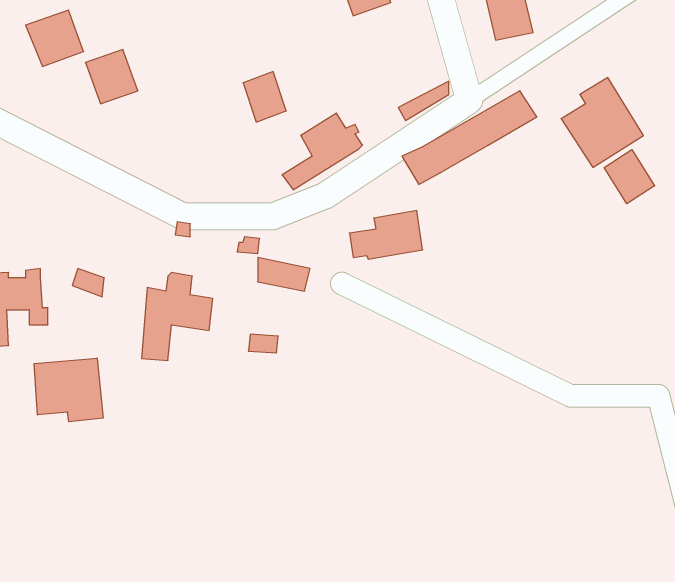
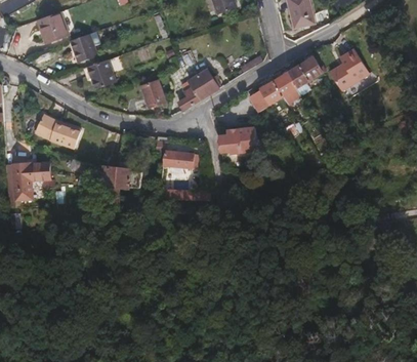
building: [243,72,286,122] -> [142,80,166,108]
building: none -> [87,59,117,90]
building: [604,150,655,204] -> none
building: none -> [32,111,77,145]
building: [34,358,103,422] -> none

